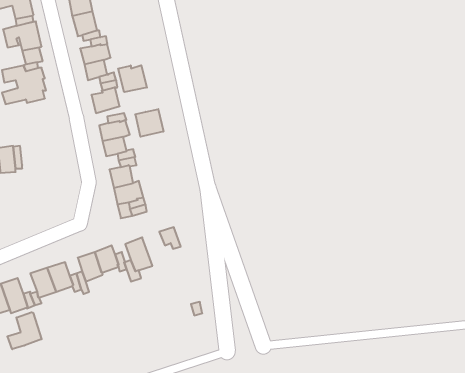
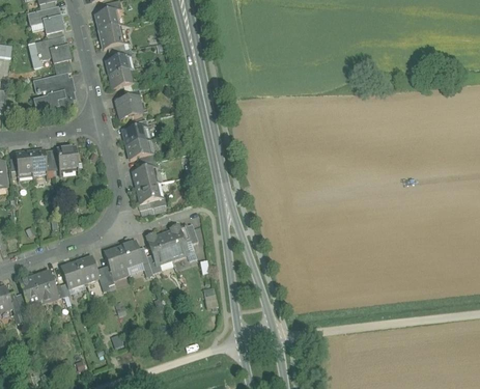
building: [118,65,147,92] -> none
building: [135,109,163,137] -> none
building: none -> [57,146,78,169]
building: none -> [163,228,188,259]
building: [7,312,42,349] -> none

